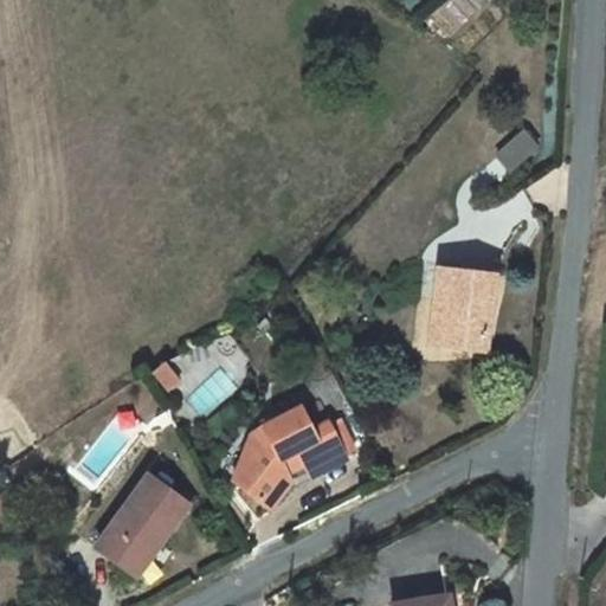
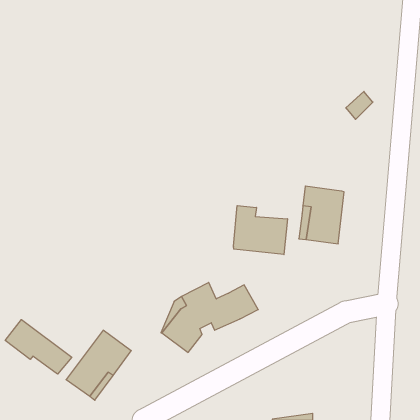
building: none -> [234,206,287,255]
building: none -> [5,320,72,374]

